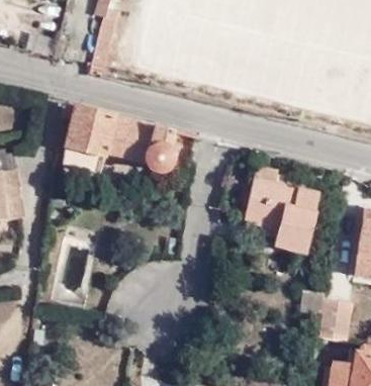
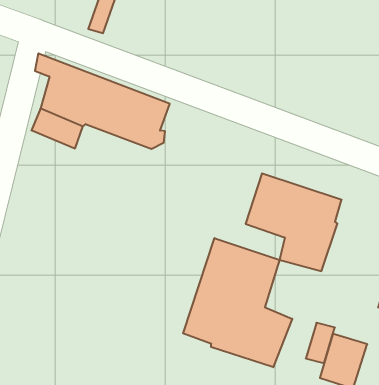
building: none -> [183,238,292,367]

